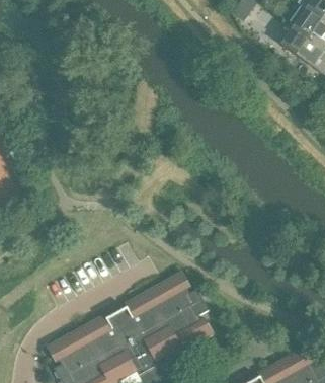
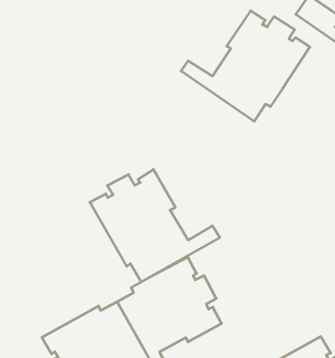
building: none -> [181,11,310,121]
building: none -> [90,169,220,282]

